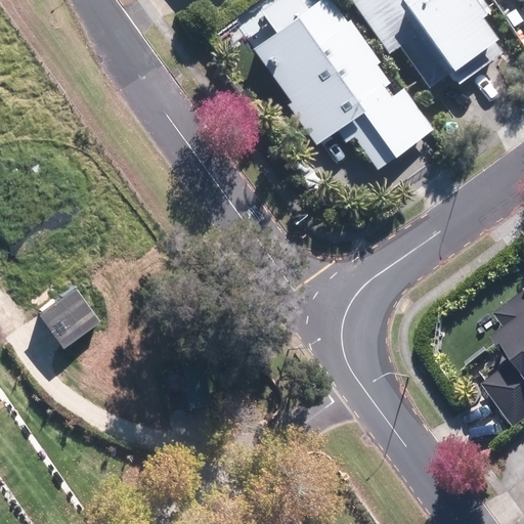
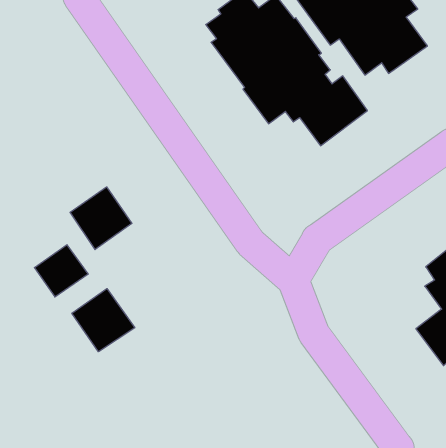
building: none -> [70,187,132,250]
building: none -> [72,289,135,352]

